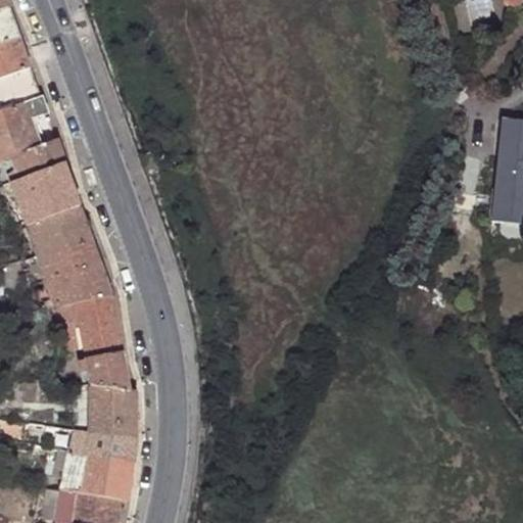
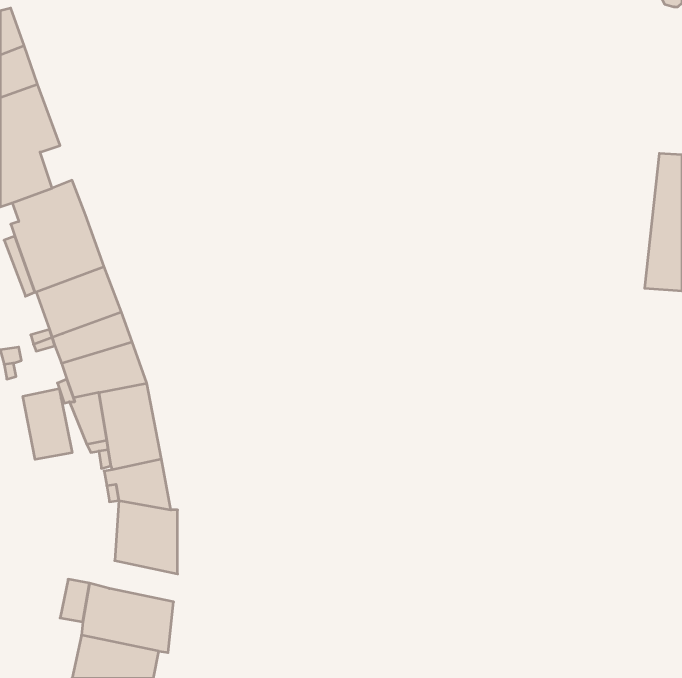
building: none -> [23,388,72,459]
building: [84,429,136,461] -> none

